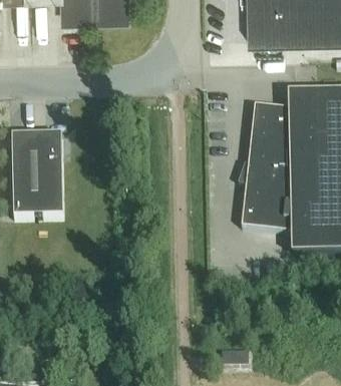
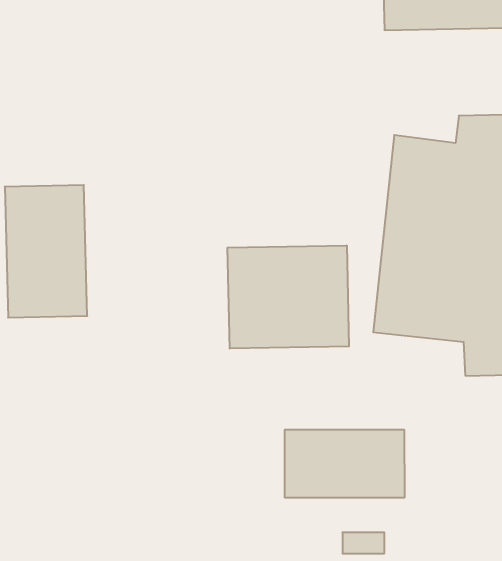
building: none -> [227,245,349,349]
building: none -> [285,430,404,498]

